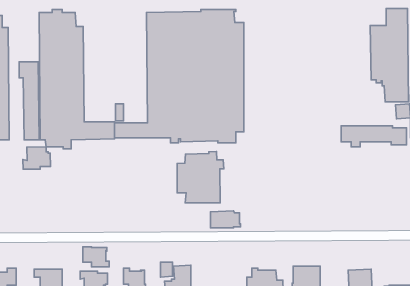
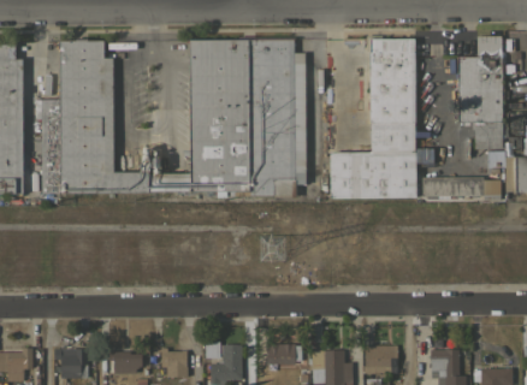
building: none -> [330,35,416,199]
building: [23,147,50,169] -> none
building: [177,152,224,203] -> none
building: [210,211,240,228] -> [267,343,303,363]
building: [83,247,109,267] -> none

